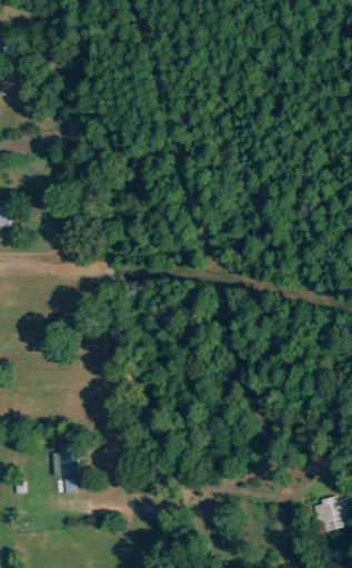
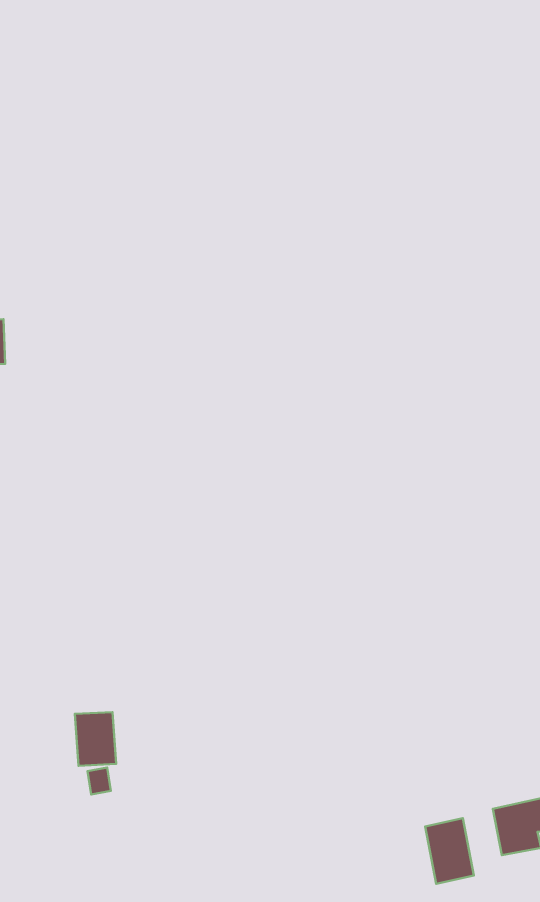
building: none -> [425,818,474,884]

